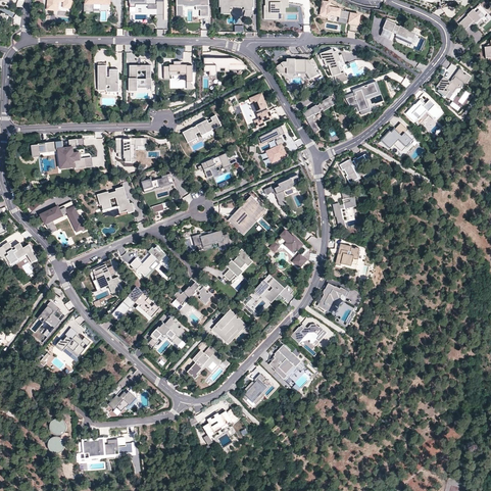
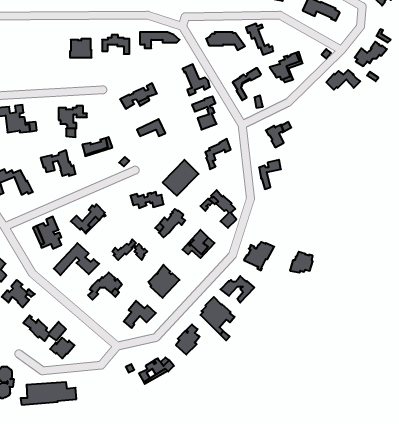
building: [97,65,117,92] -> none
building: [376,121,412,151] -> none
building: [334,243,358,265] -> [290,252,313,273]
building: none -> [23,315,66,341]

